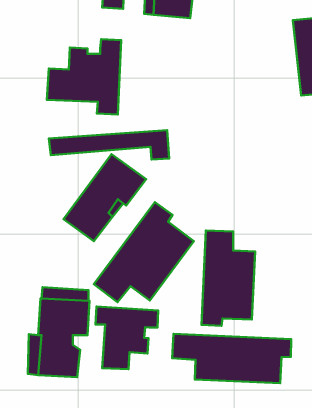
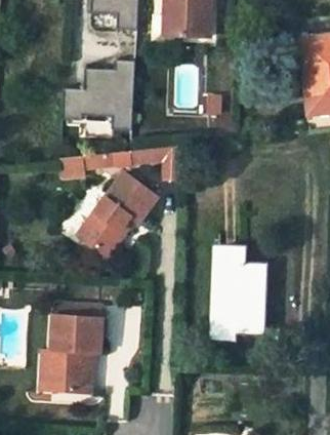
building: [94,202,194,302] -> none
building: [96,307,158,369] -> none
building: [172,334,291,383] -> none

